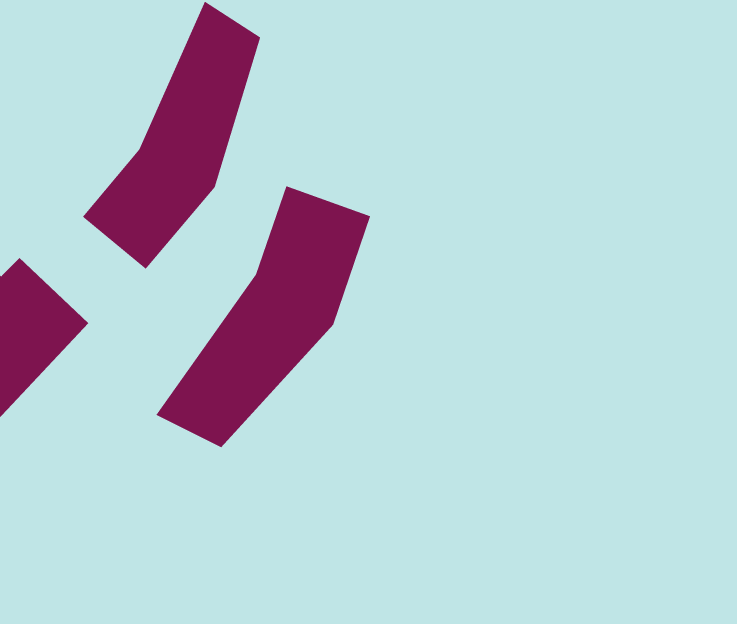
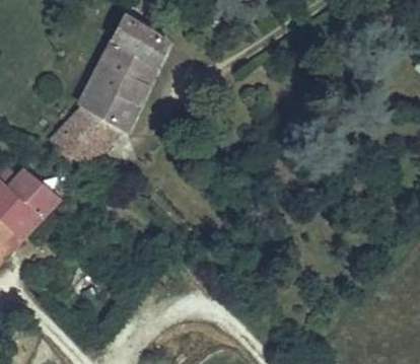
building: [155,185,371,448] -> none

